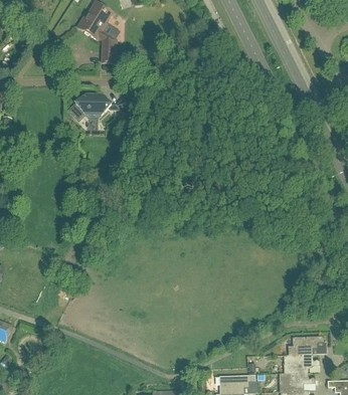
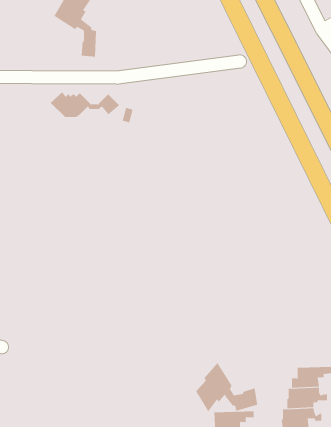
building: none -> [196,362,258,412]

